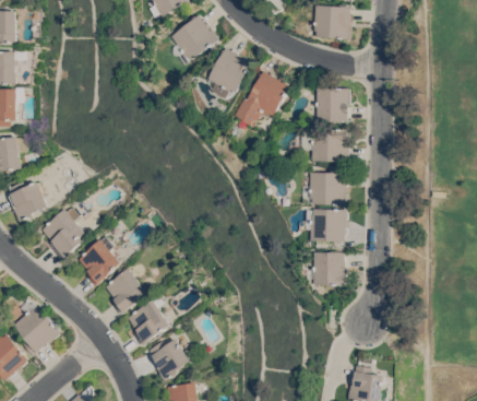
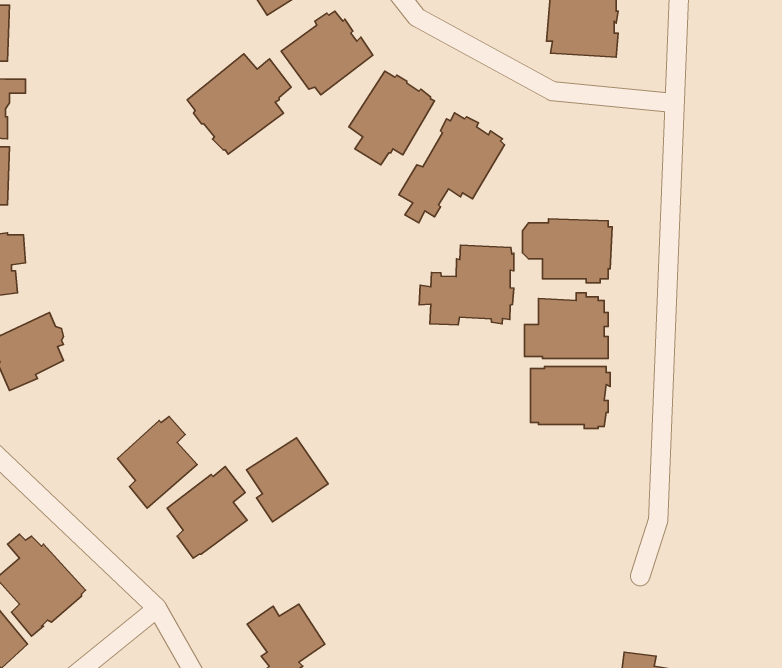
building: none -> [187,54,291,154]
building: [315,87,350,122] -> none
building: none -> [419,245,514,325]
building: [40,208,86,260] -> none
building: [305,251,346,285] -> none
building: [128,299,172,345] -> [246,438,328,522]

